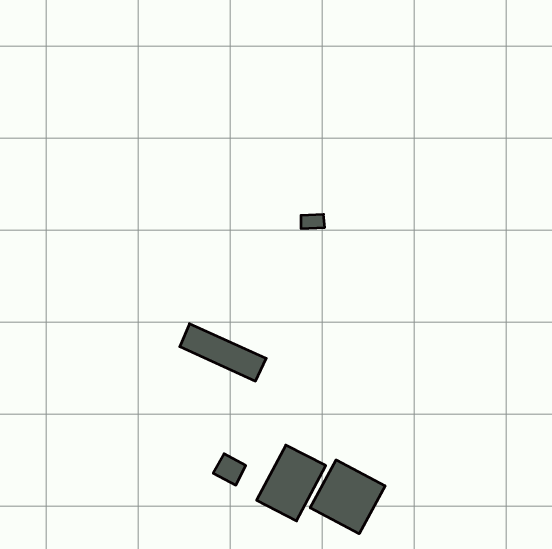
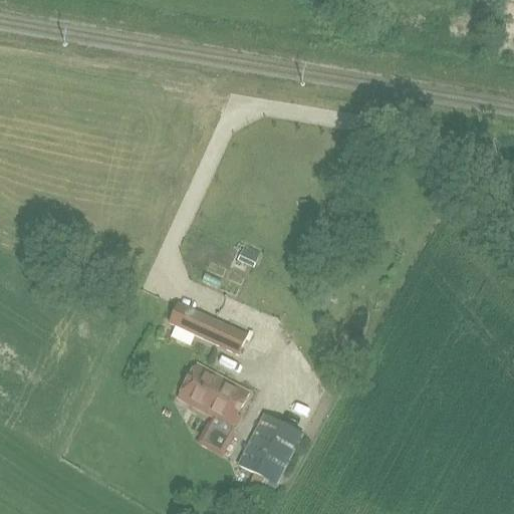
building: none -> [176,360,251,426]
building: [310,460,385,534] -> none

